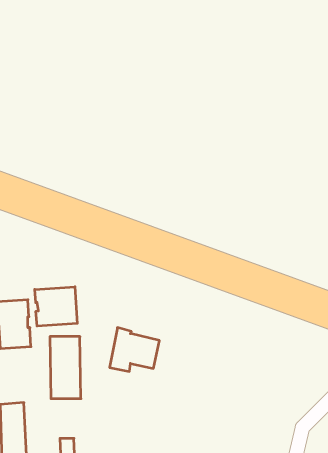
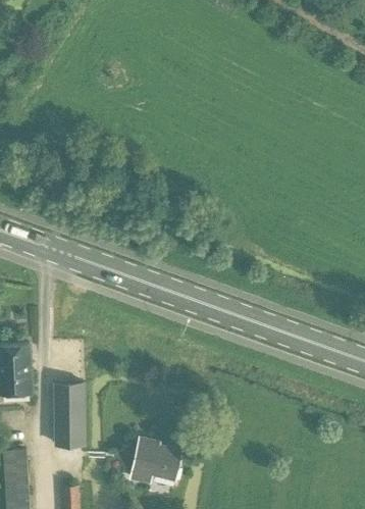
building: [35,287,77,326] -> none
building: [110,328,159,371] -> [129,437,180,481]

